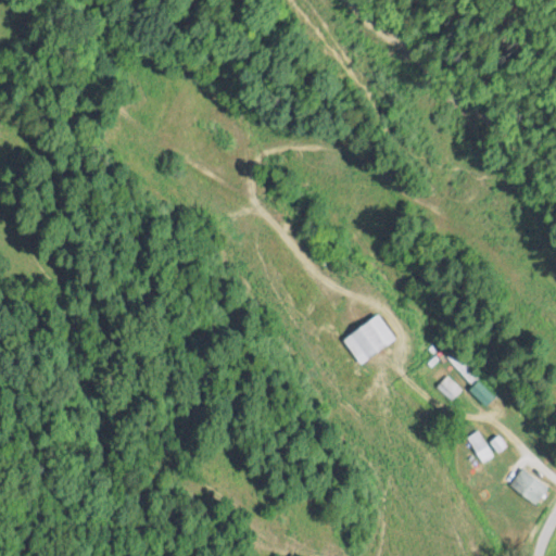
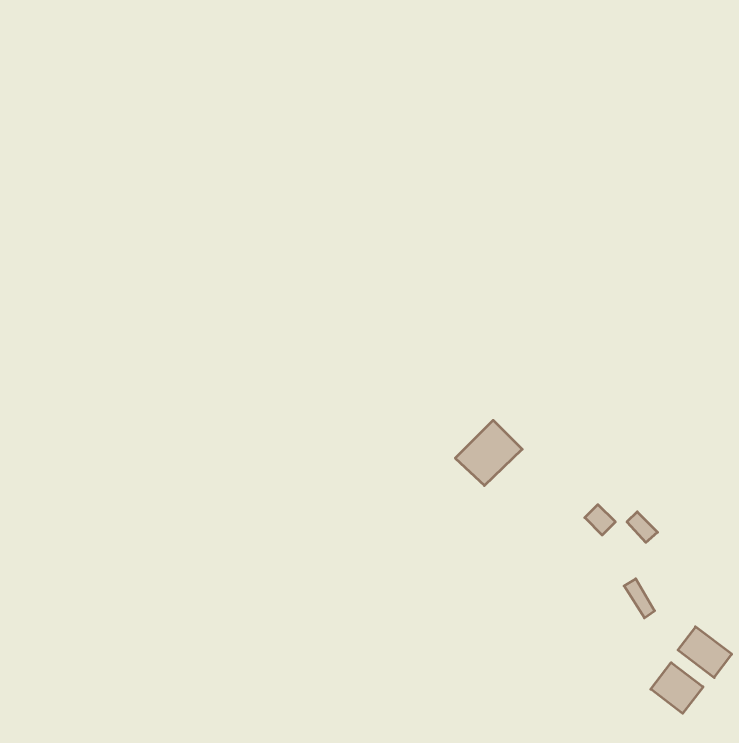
building: none -> [651,663,703,713]

